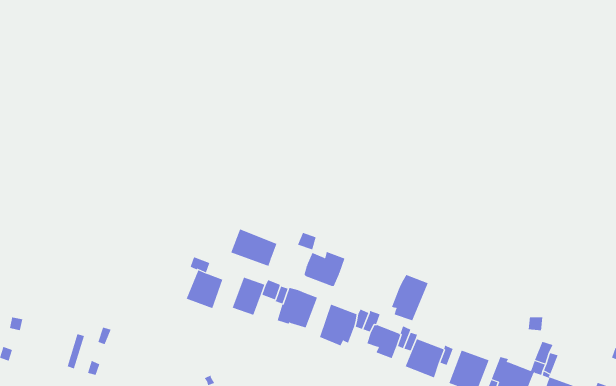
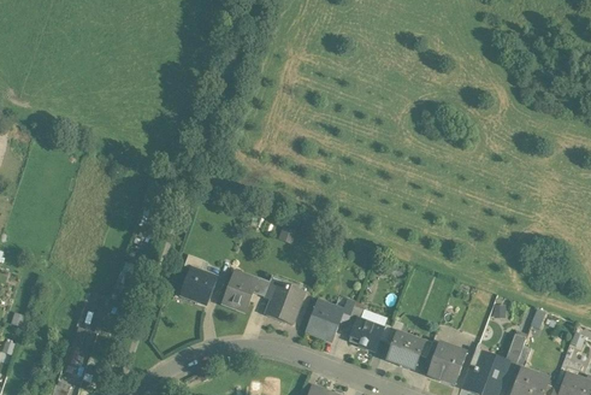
building: [230,228,277,267] -> none
building: [304,251,345,287] -> none
building: [391,274,428,321] -> none

